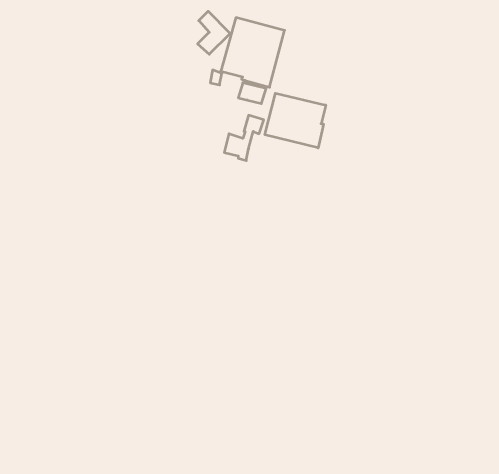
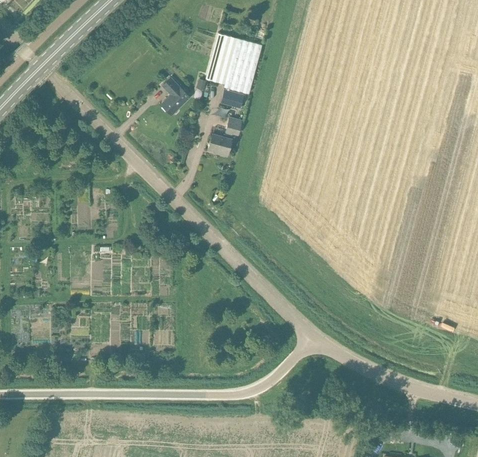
building: [198,11,230,54] -> [162,77,190,114]
building: [265,93,326,148] -> none

